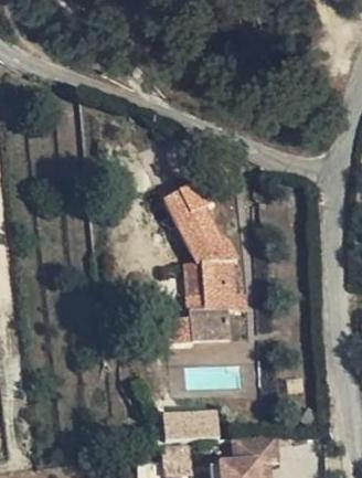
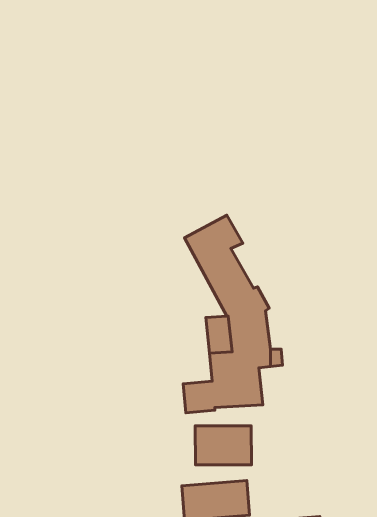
building: none -> [195,426,251,465]

